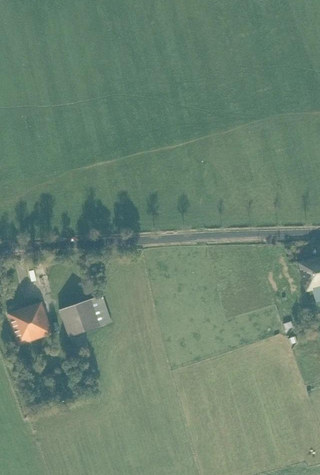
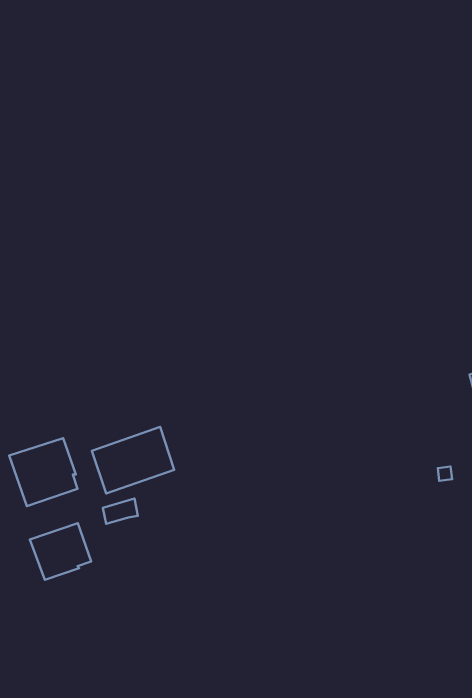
building: none -> [30,523,91,580]

